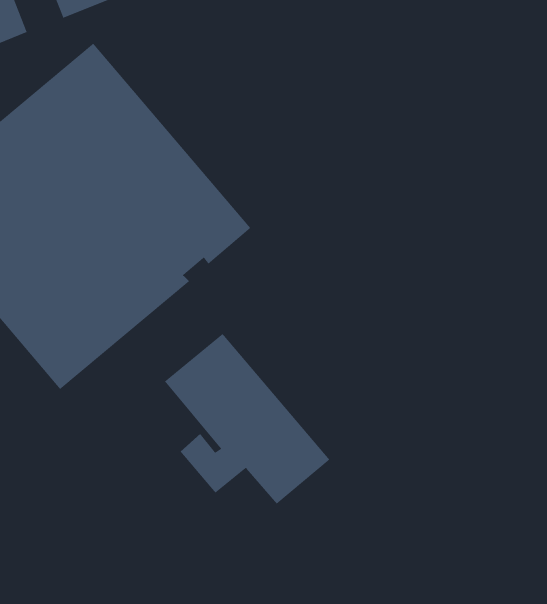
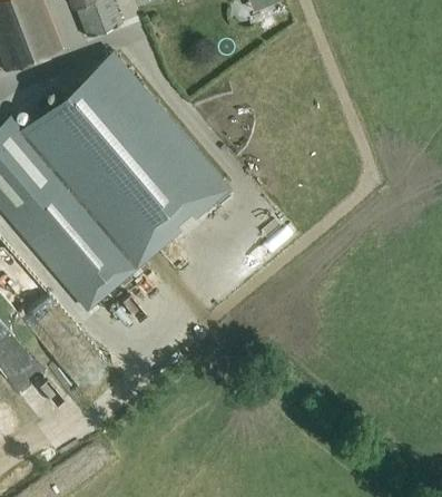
building: [164,333,330,504] -> none

